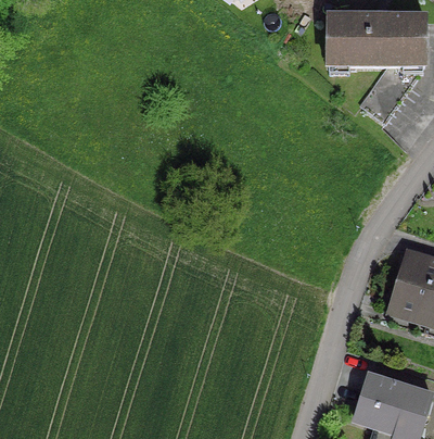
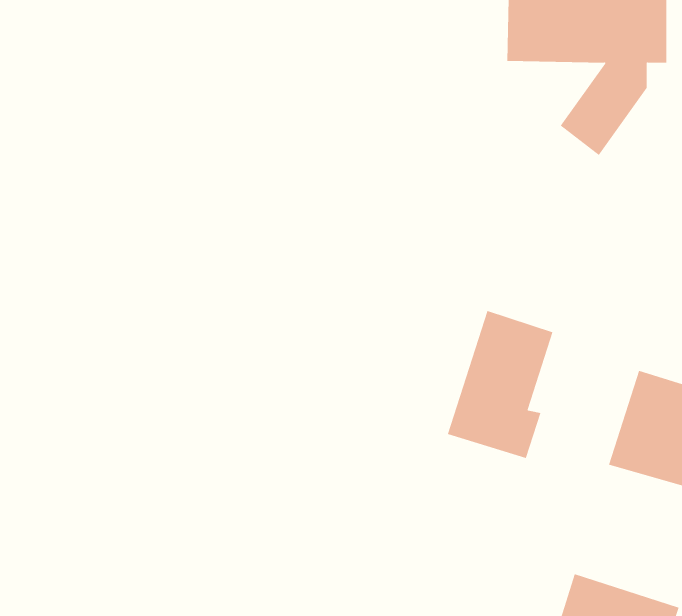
building: none -> [447,310,553,459]

